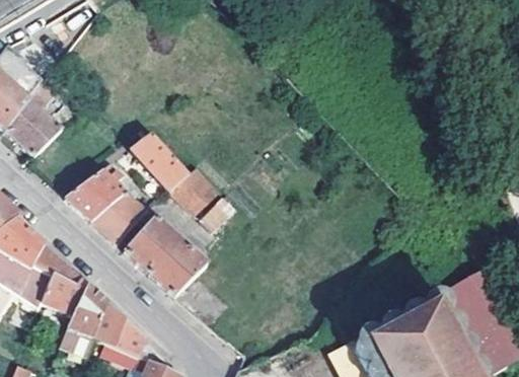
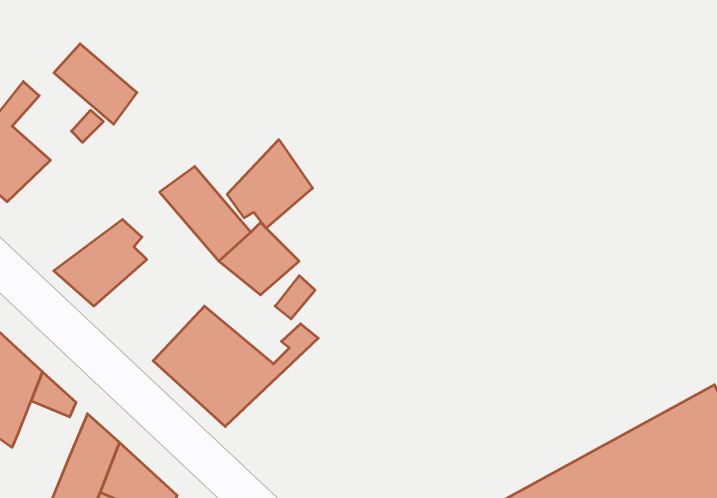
building: none -> [54,44,137,124]
building: none -> [227,140,313,228]
building: [90,191,145,243] -> none
building: [43,280,86,314] -> none

